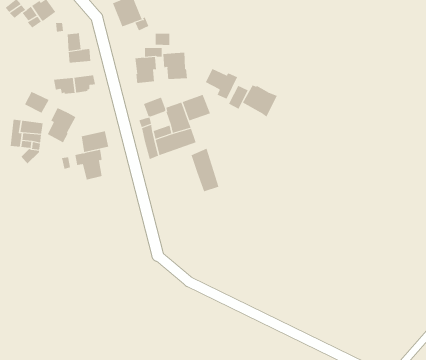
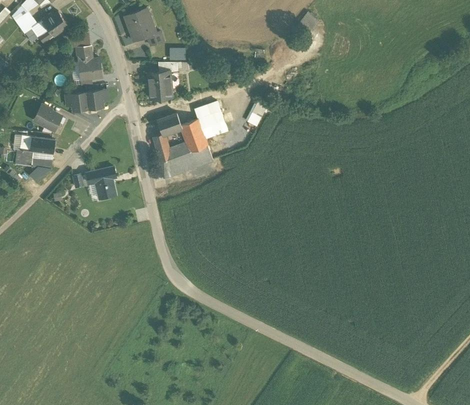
building: [163,52,187,80] -> none
building: [205,68,238,99] -> none
building: [242,84,278,117] -> none
building: [47,107,76,143] -> none
building: [81,131,109,153] -> none
building: [191,148,219,192] -> none

